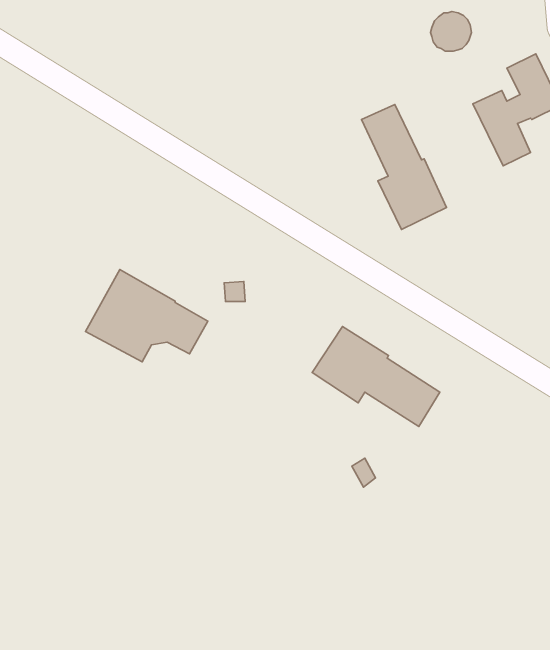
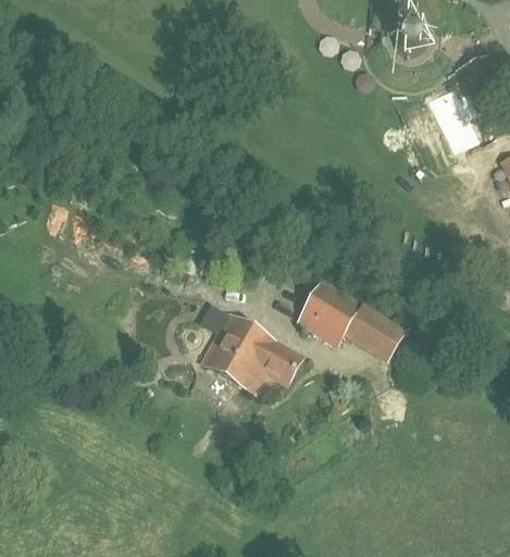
building: [361,104,447,229] -> none
building: [86,270,208,362] -> [202,313,303,389]

